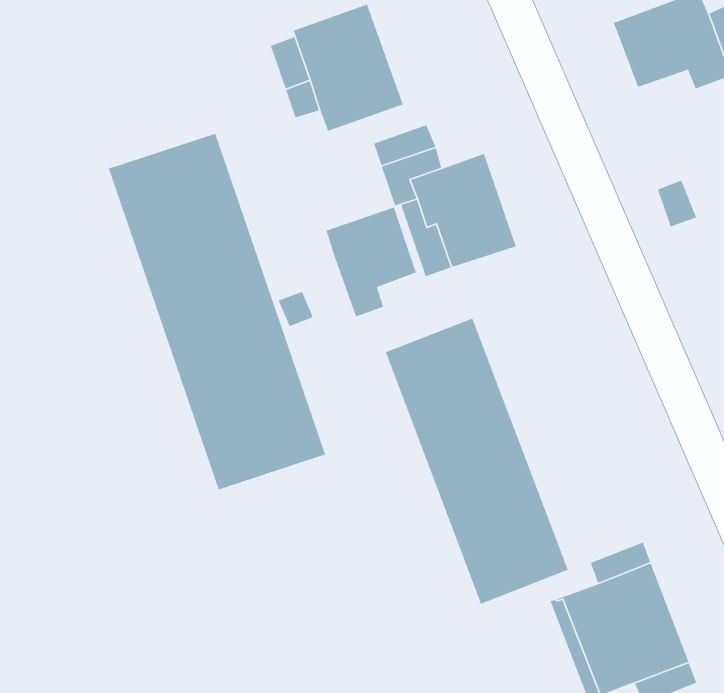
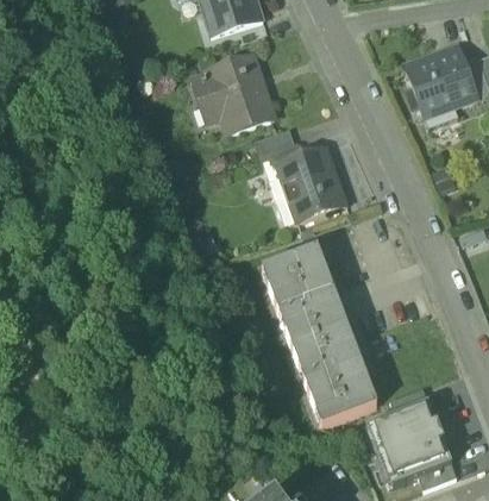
building: none -> [420,94,458,126]
building: [108,133,326,490] -> none
building: [325,206,417,317] -> none

